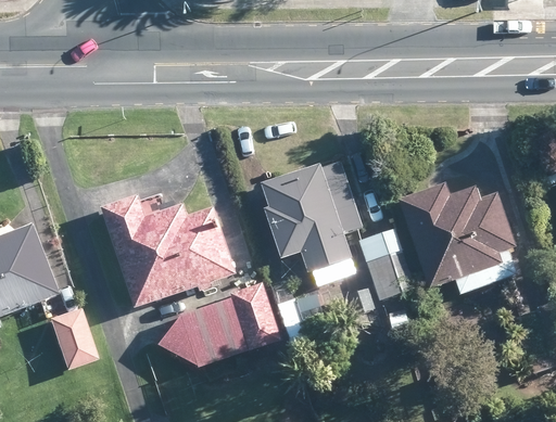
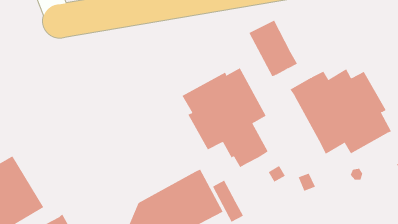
building: [100,192,236,306] -> none
building: [358,228,414,299] -> [249,20,298,77]

